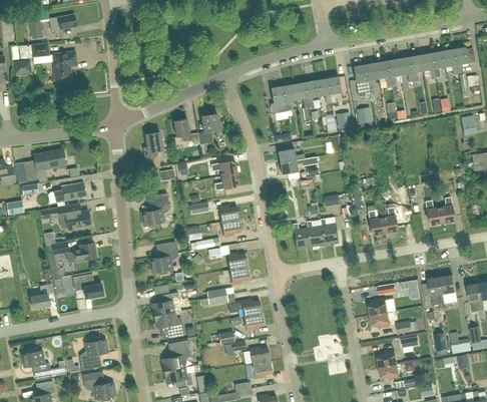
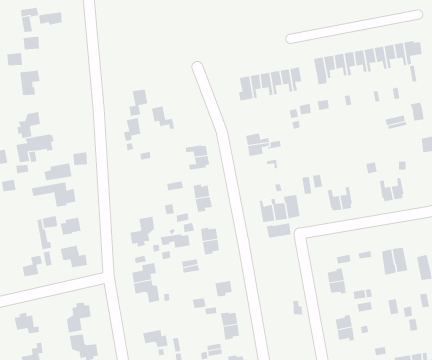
building: [53,52,76,80] -> [20,70,40,96]
building: [197,113,219,143] -> [128,89,148,116]
building: none -> [17,111,41,139]
building: [141,192,169,228] -> none
building: none -> [266,223,291,238]
building: [227,299,262,315] -> [160,234,191,248]
building: [161,340,190,370] -> none

